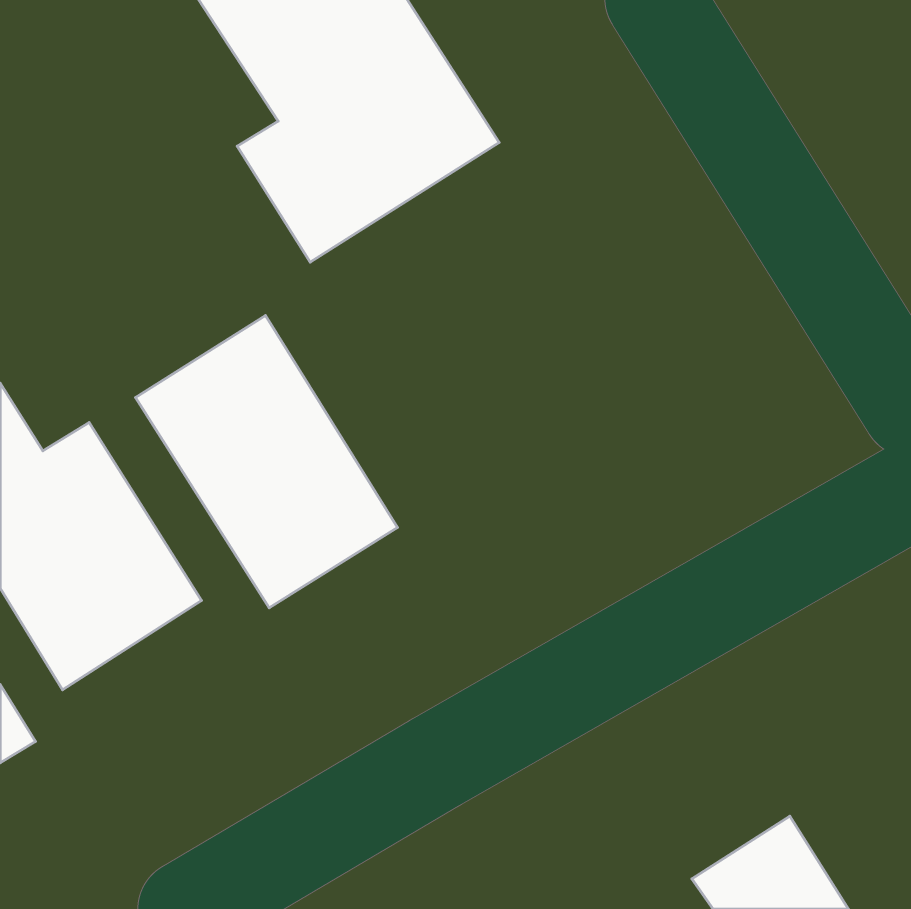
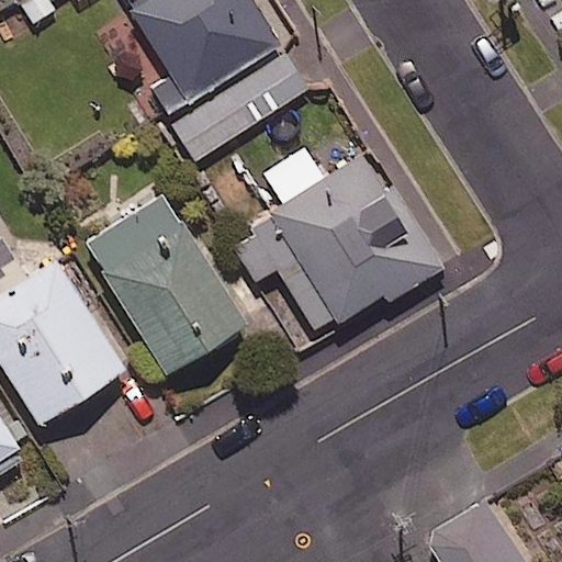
building: none -> [232,148,441,347]

